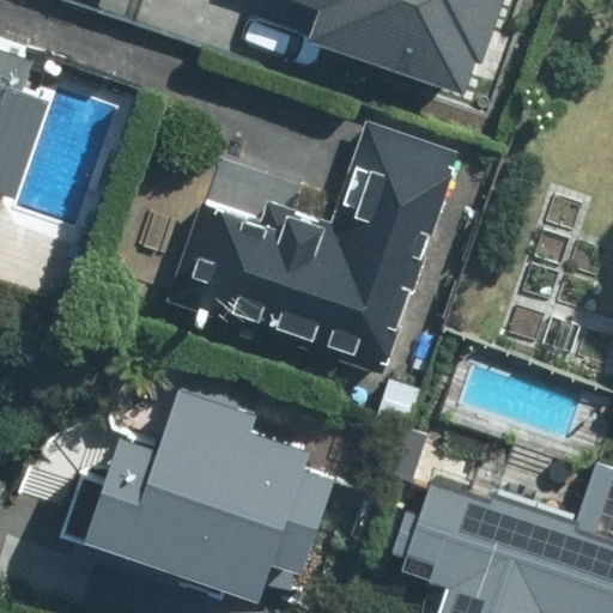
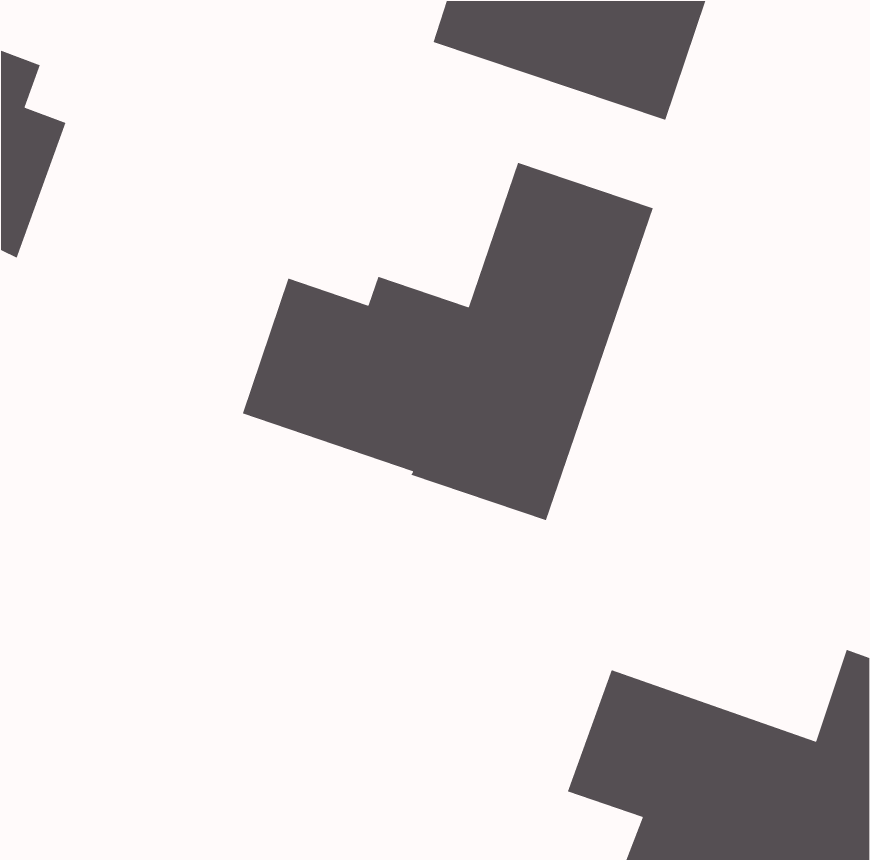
building: [90,372,315,566] -> none

